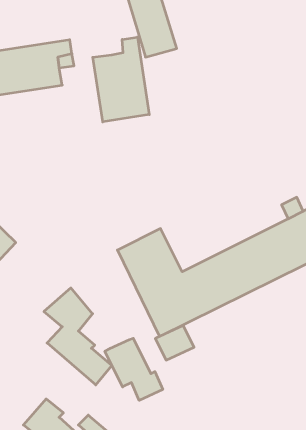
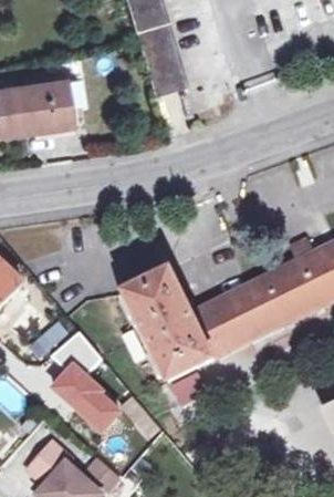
building: [93,37,149,122] -> none
building: [105,338,163,400] -> none

